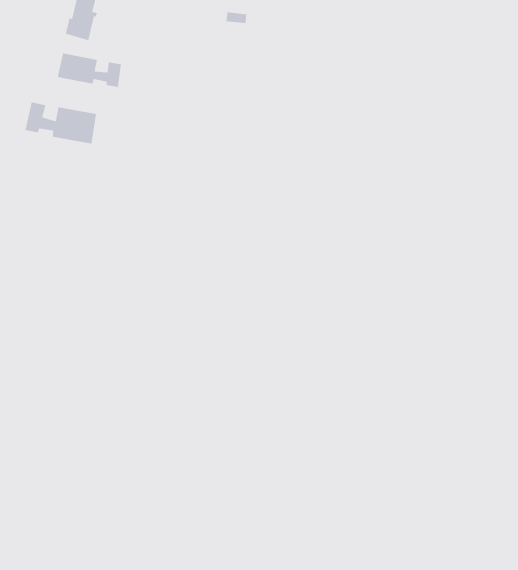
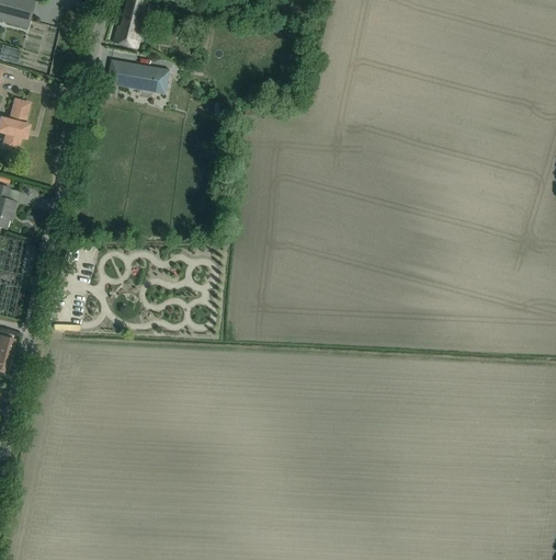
building: [25,102,97,145] -> none

